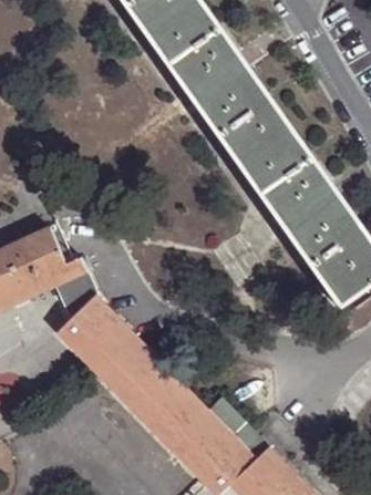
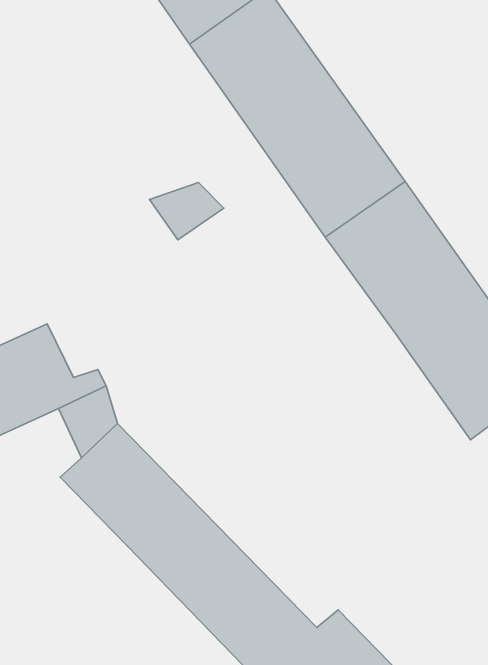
building: none -> [149,183,224,240]

